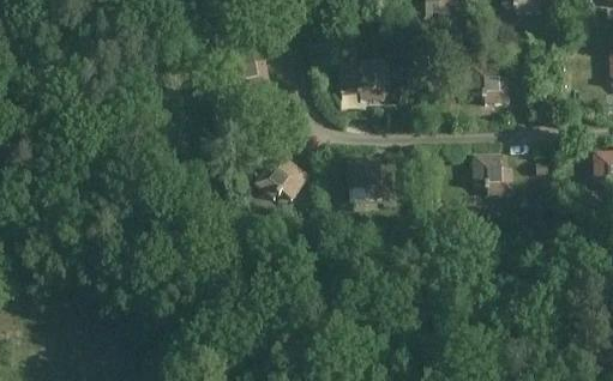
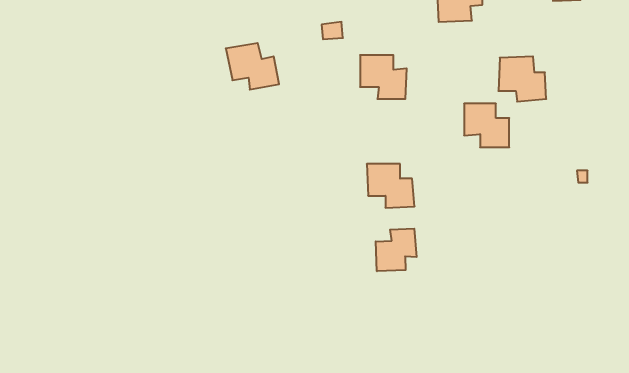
building: [473,156,513,195] -> [464,104,509,147]
building: [253,158,309,199] -> none
building: none -> [376,229,417,271]

